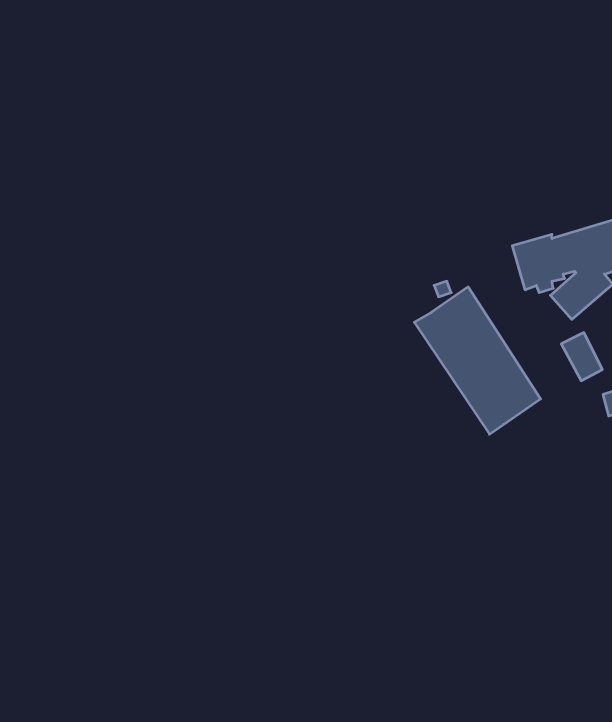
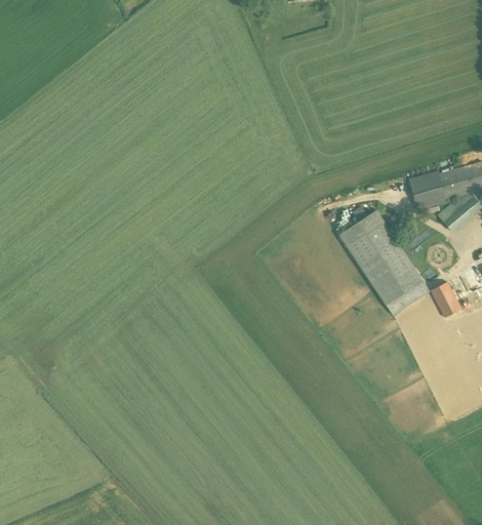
building: [561,333,602,381] -> [430,281,459,316]

